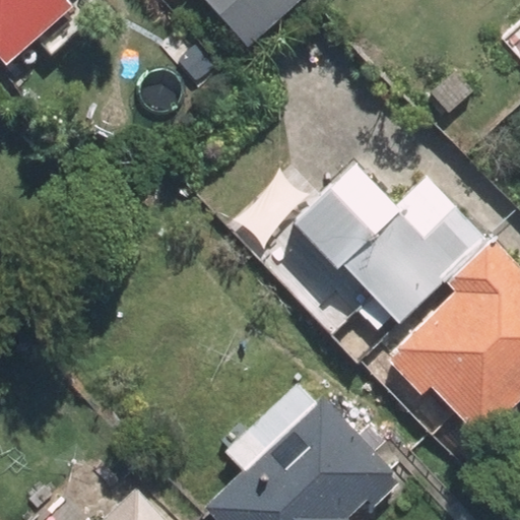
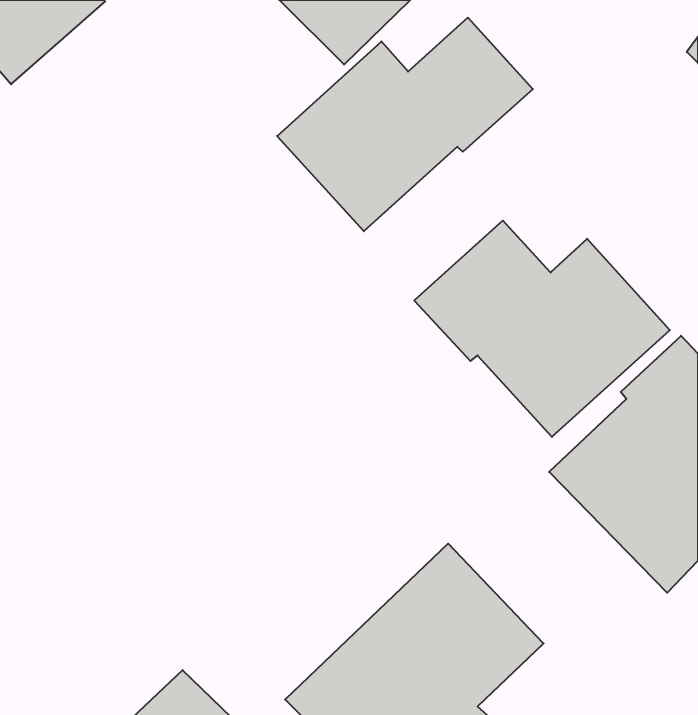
building: none -> [277,18,533,231]

